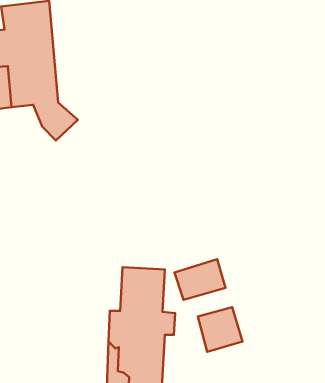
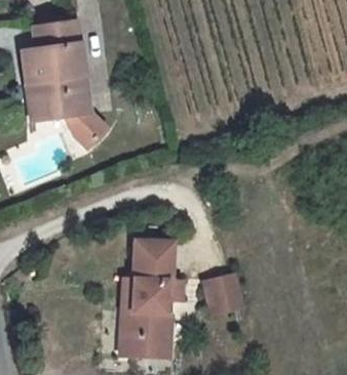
building: [175,259,226,300] -> none

